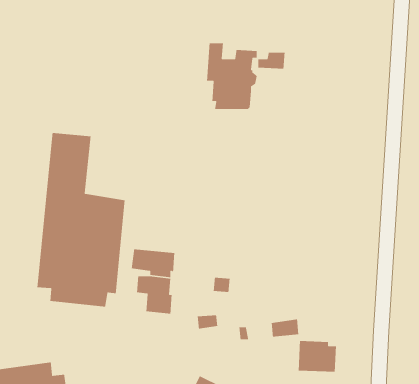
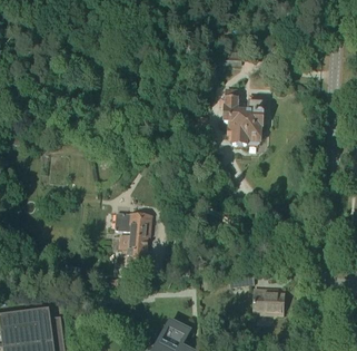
building: [206,42,257,110] -> [224,89,266,145]
building: [37,132,125,308] -> none

